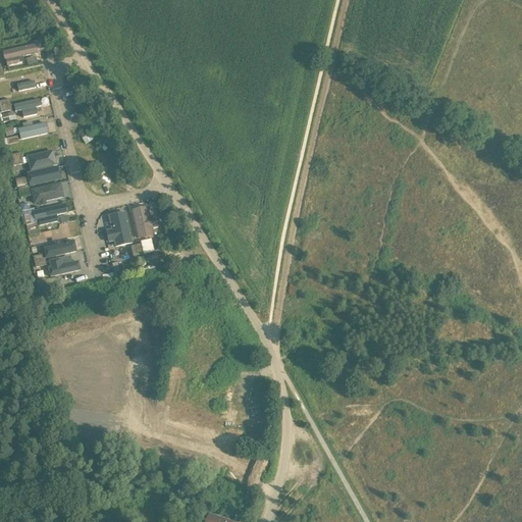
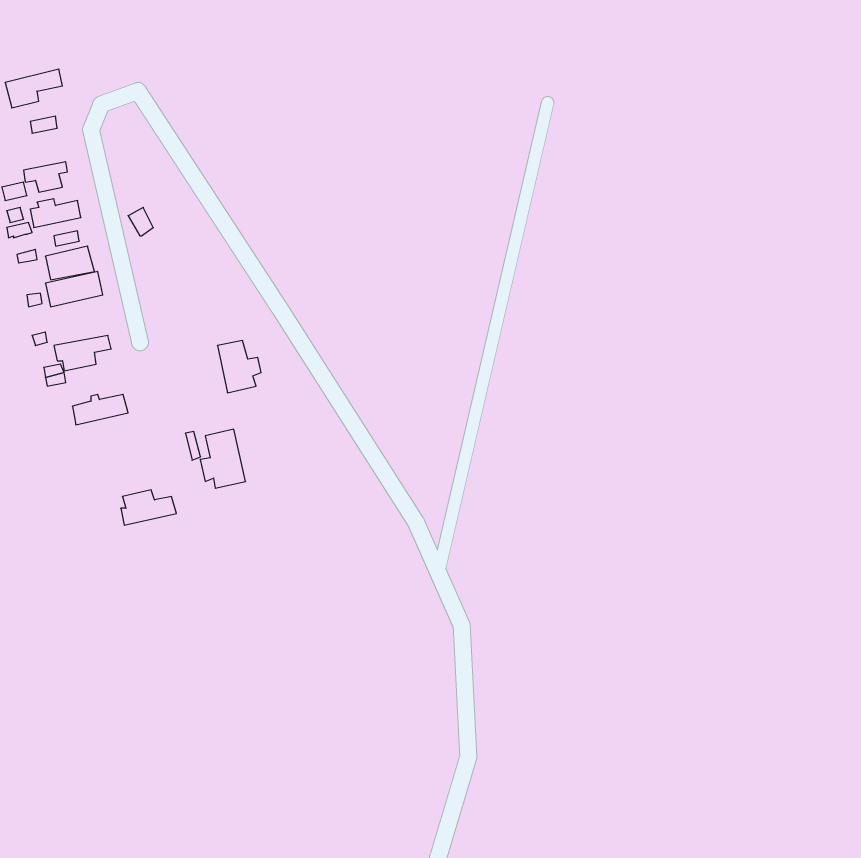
building: [31,180,64,203] -> none
building: [106,210,134,246] -> [200,429,246,488]
building: [48,255,82,276] -> [121,490,176,525]

